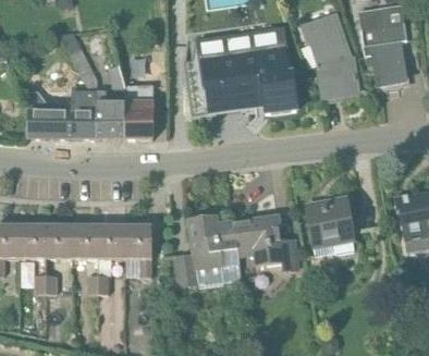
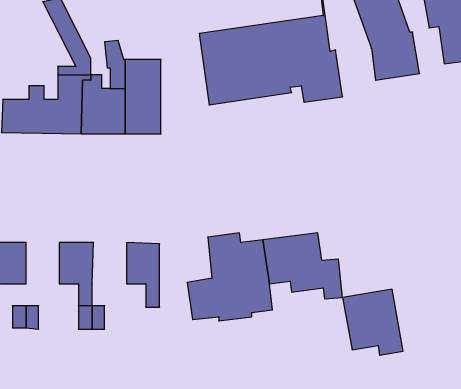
building: [306,198,354,250] -> [343,289,403,355]
building: [46,224,72,257] -> none
building: [98,224,125,257] -> none

